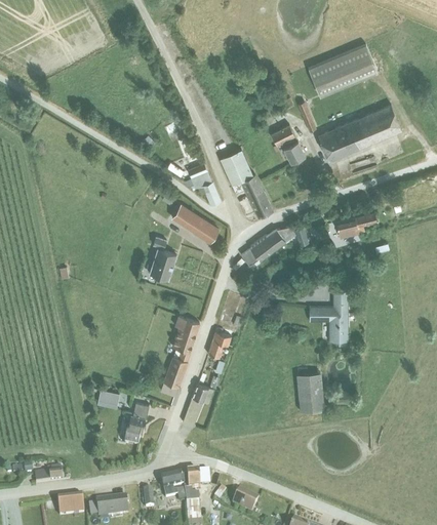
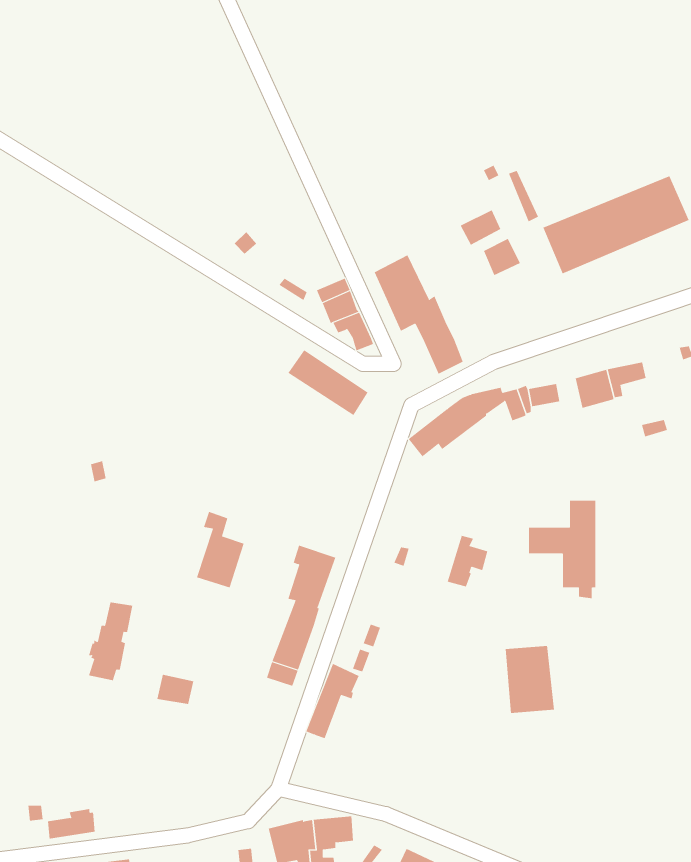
building: [308,44,373,87] -> none
building: [148,236,175,280] -> [196,511,244,588]
building: [207,328,231,358] -> [447,535,488,587]
building: [123,402,149,447] -> [88,602,133,681]

